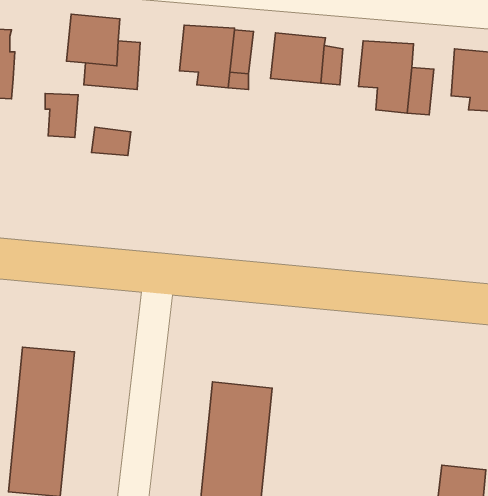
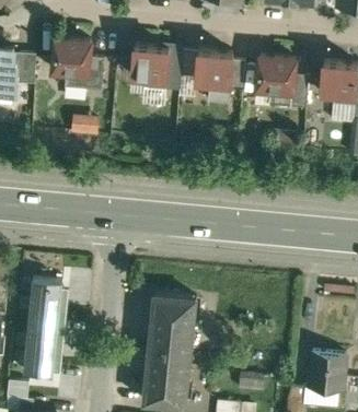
building: [45,93,78,137] -> [14,54,37,84]

